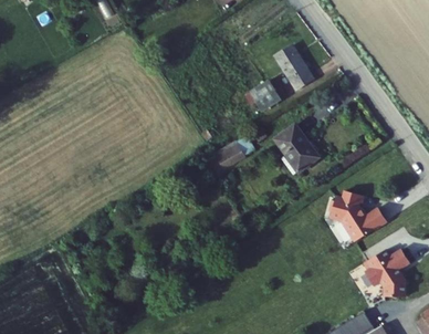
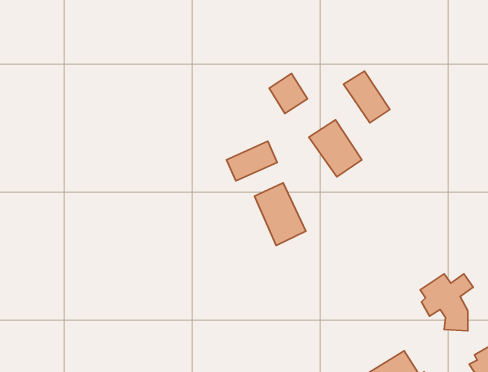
building: [278,41,316,84] -> [343,71,390,123]
building: none -> [254,183,306,245]
building: [333,190,390,241] -> none

